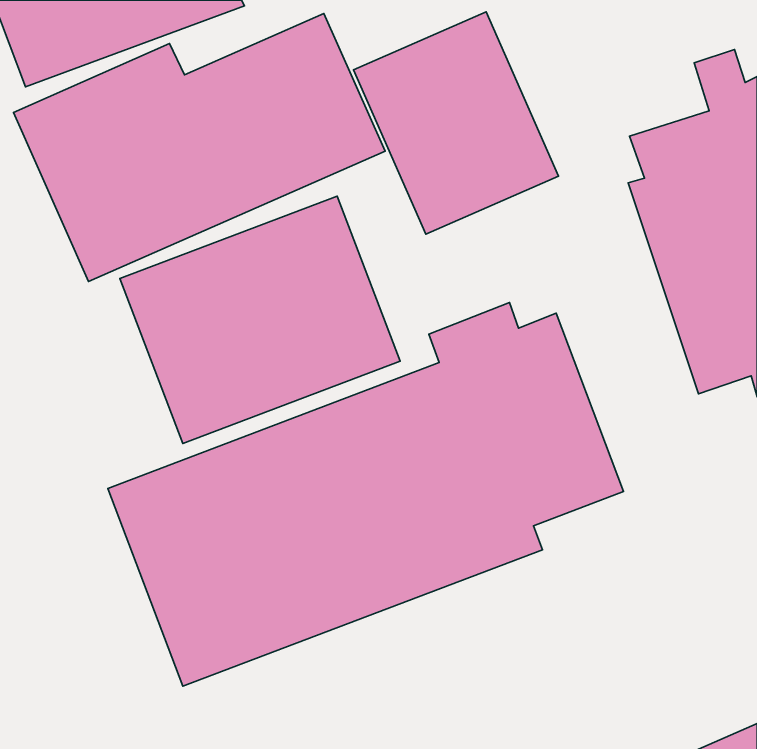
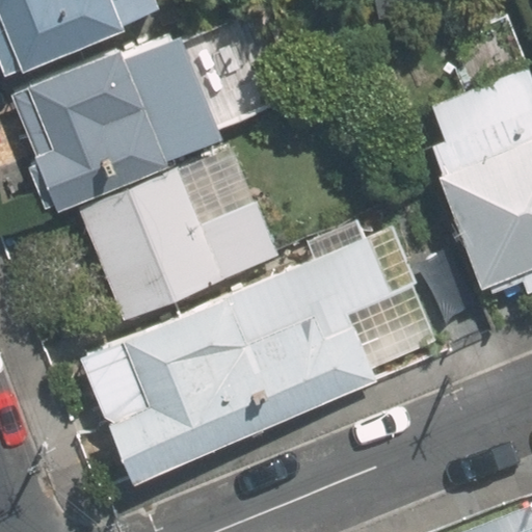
building: [354,12,558,234] -> none

